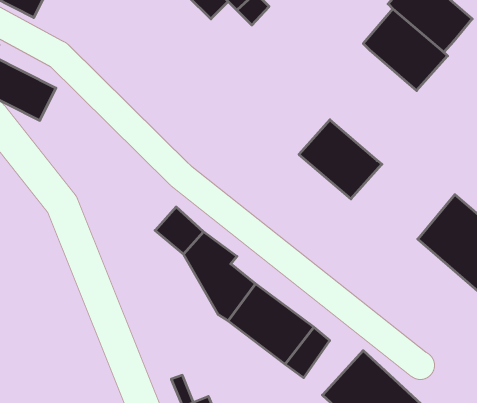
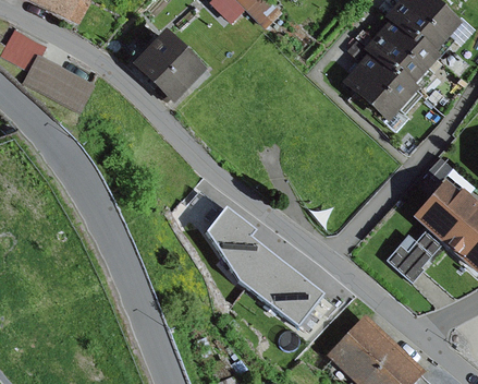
building: none -> [132,29,205,103]
building: [299,120,382,199] -> [343,49,416,119]
building: none -> [387,240,432,281]

